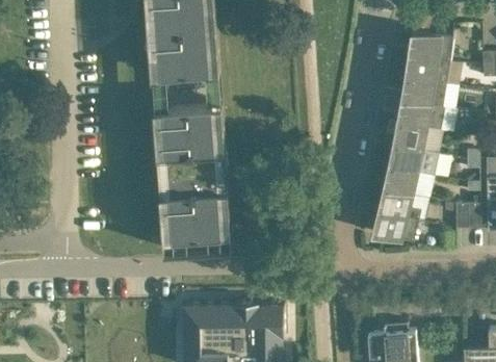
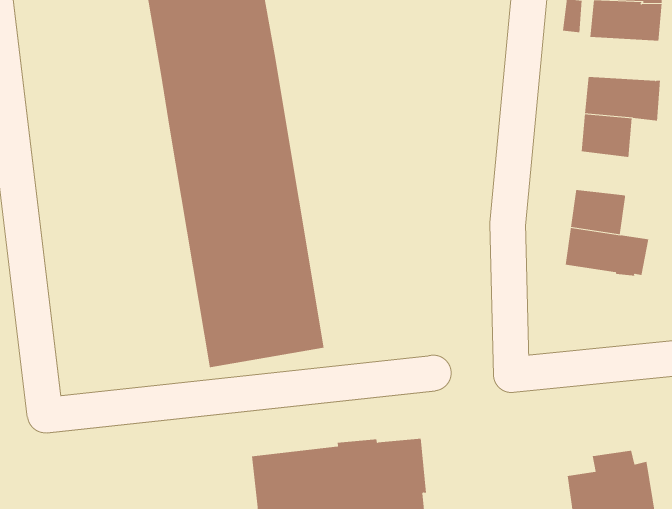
building: [400,77,444,106] -> none
building: [387,144,437,177] -> none
building: [371,209,417,242] -> none

